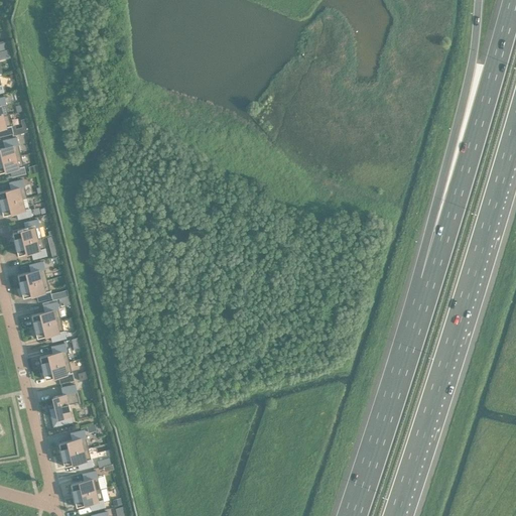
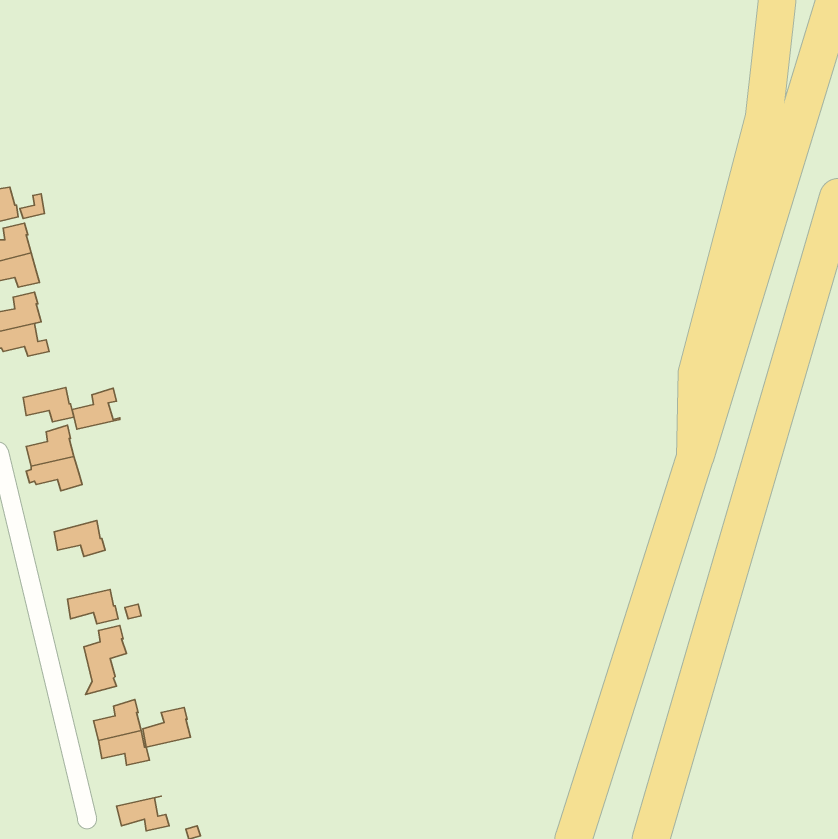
building: [11,219,40,244] -> [72,388,120,429]
building: [30,301,59,327] -> none
building: [38,343,68,368] -> none
building: [70,471,99,495] -> [143,708,191,747]

